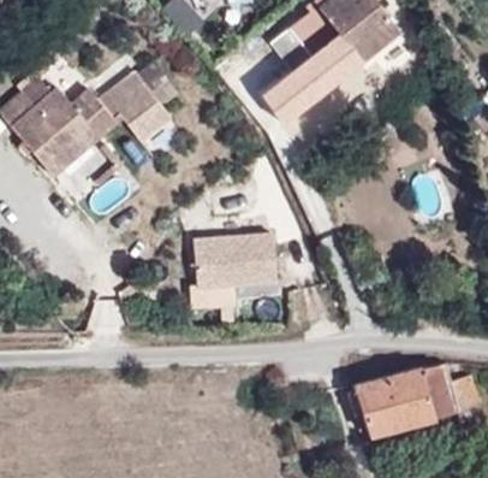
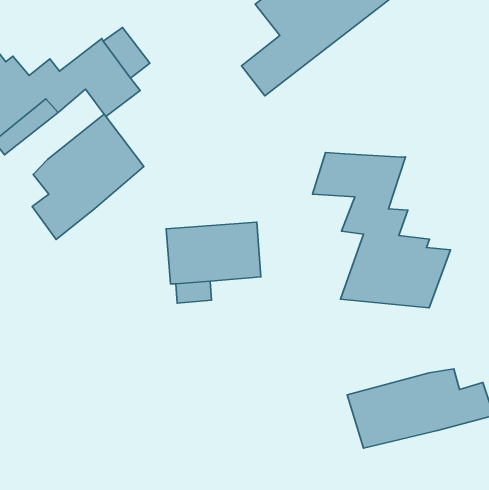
building: none -> [32,114,144,239]
building: none -> [312,152,450,308]

